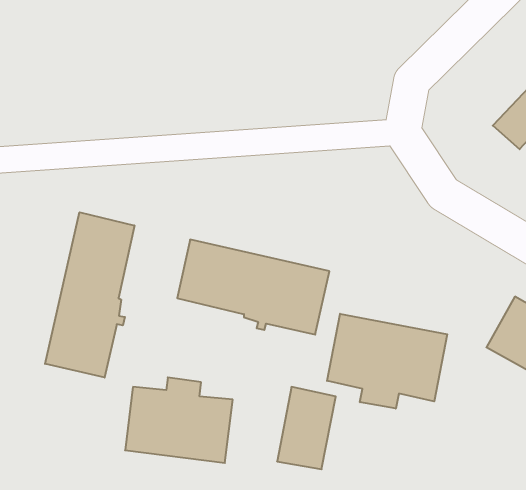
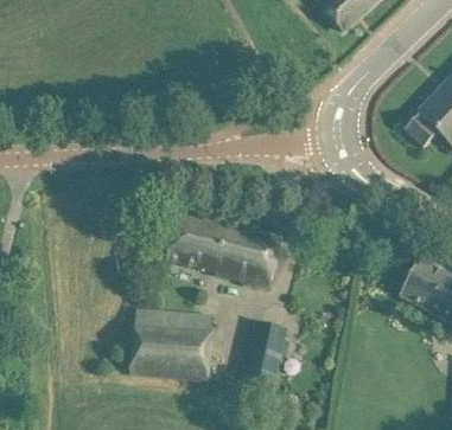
building: [45,212,134,378] -> none
building: [327,314,447,409] -> none

